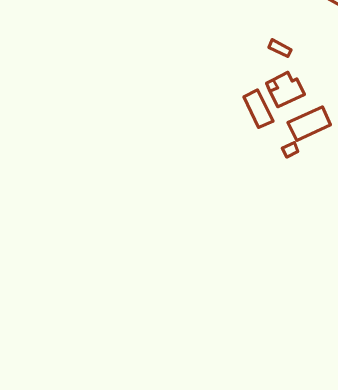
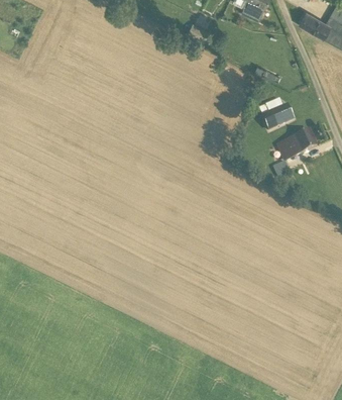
building: [244,90,273,127] -> none

